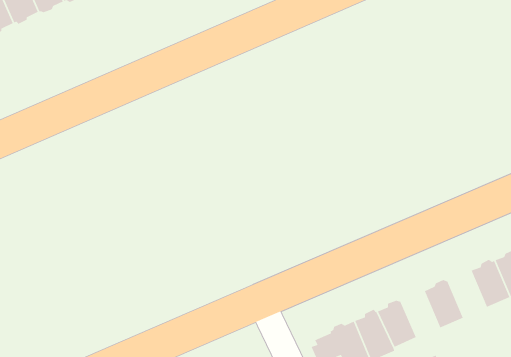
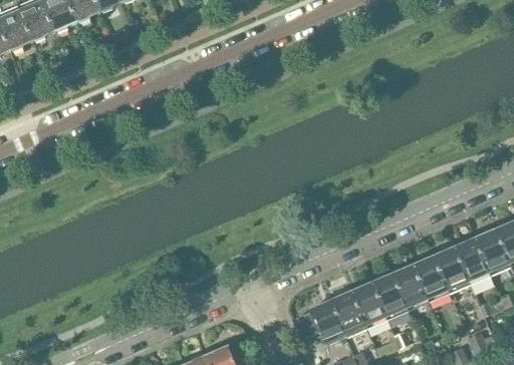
building: none -> [414,256,448,299]
building: none -> [372,274,407,316]

